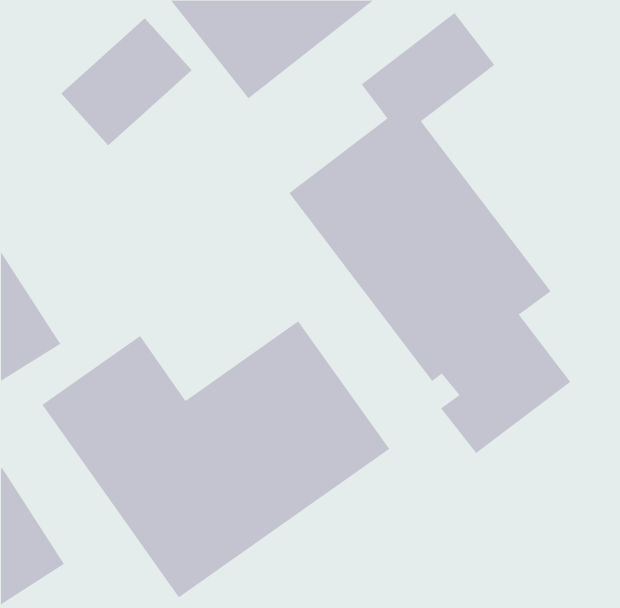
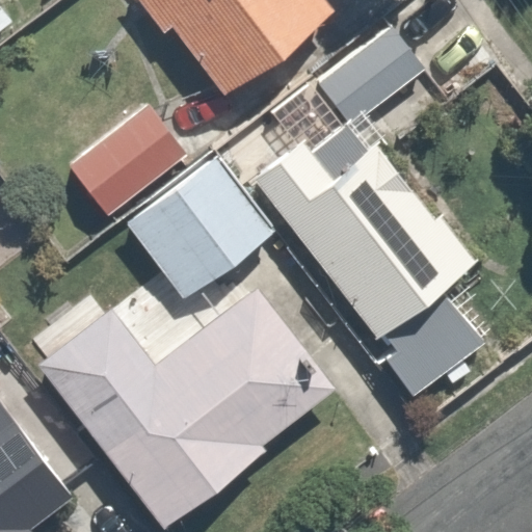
building: [61,18,193,146] -> [74,105,186,214]
building: none -> [130,157,277,301]

